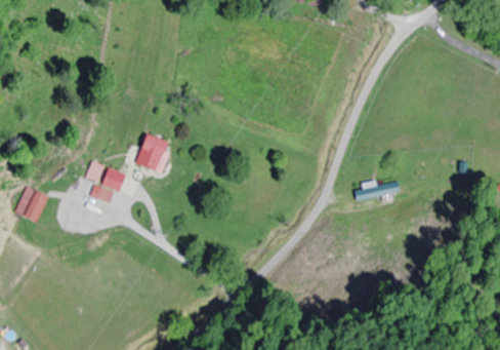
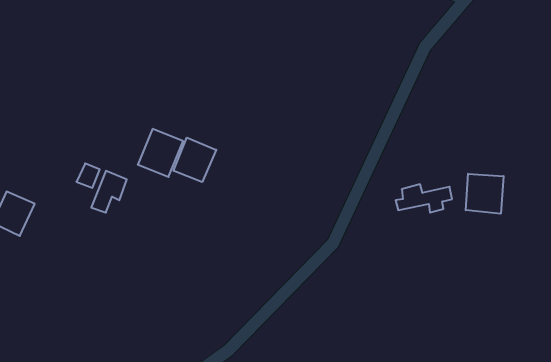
building: none -> [174,138,216,182]
building: none -> [466,174,504,214]

